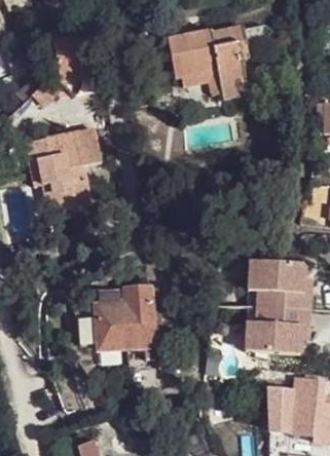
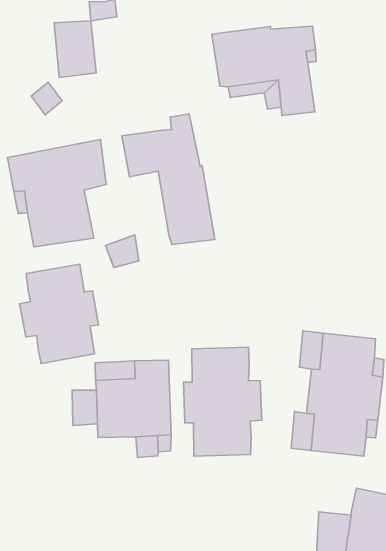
building: none -> [122,114,215,245]
building: none -> [20,264,99,363]
building: none -> [183,347,262,456]

